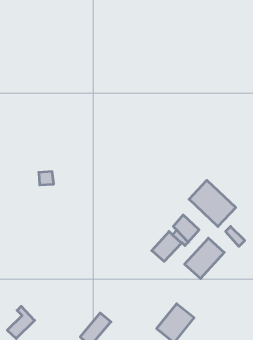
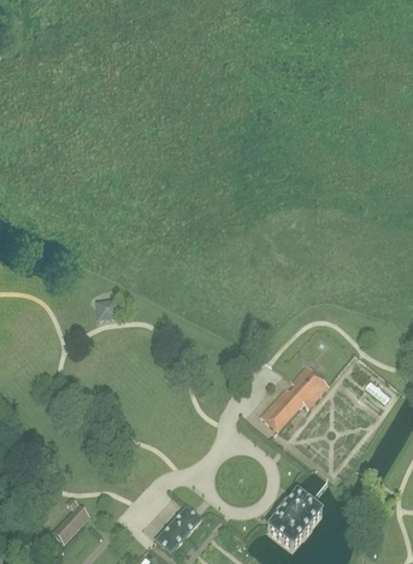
building: [189,180,236,227] -> none
building: [185,238,224,279] -> none

